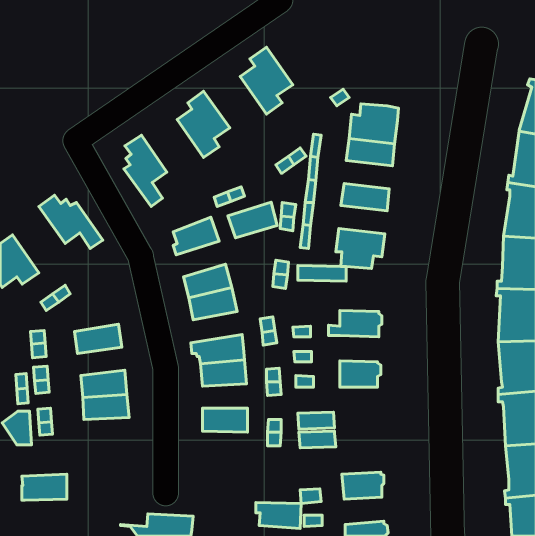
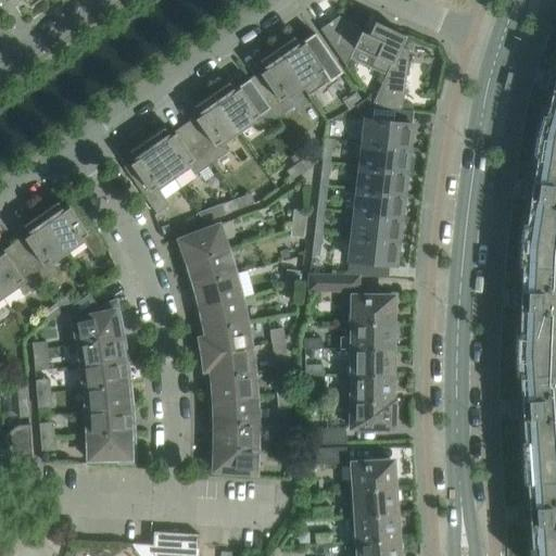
building: none -> [320,16,409,110]
building: none -> [277,34,342,88]
building: none -> [212,79,277,132]
building: none -> [148,124,212,178]
building: none -> [357,166,407,195]
building: [228,202,277,238] -> [184,250,235,287]
building: none -> [352,213,402,242]
building: none -> [14,214,68,282]
building: none -> [353,295,396,323]
building: none -> [73,299,124,343]
building: none -> [197,323,252,355]
building: none -> [353,348,396,375]
building: none -> [81,359,130,389]
building: none -> [211,397,257,422]
building: none -> [353,401,397,429]
building: none -> [353,462,397,491]
building: [22,474,67,500] -> [88,432,135,459]
building: none -> [357,515,401,543]
building: [256,502,301,529] -> [211,446,257,473]

